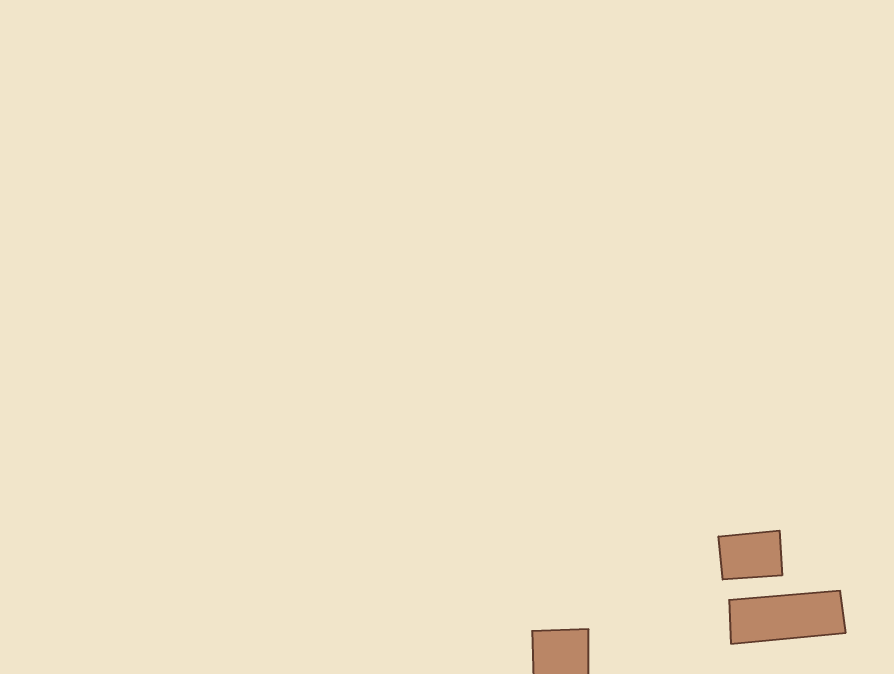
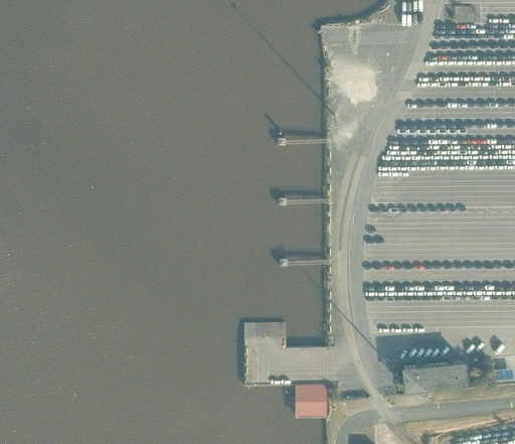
building: [719,531,782,580] -> none

